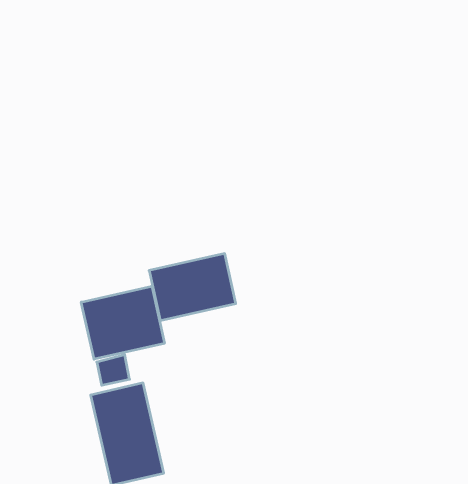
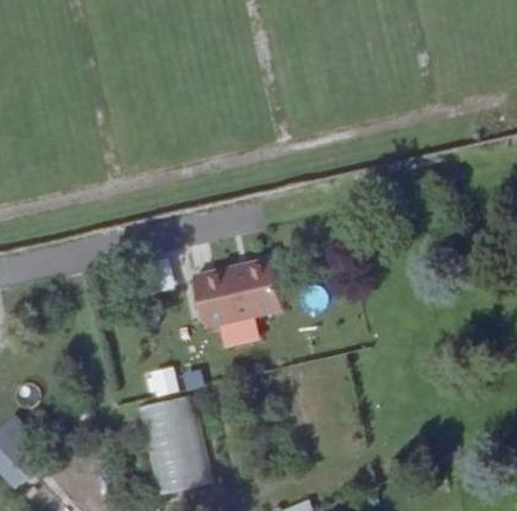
building: [81,286,164,359] -> none

